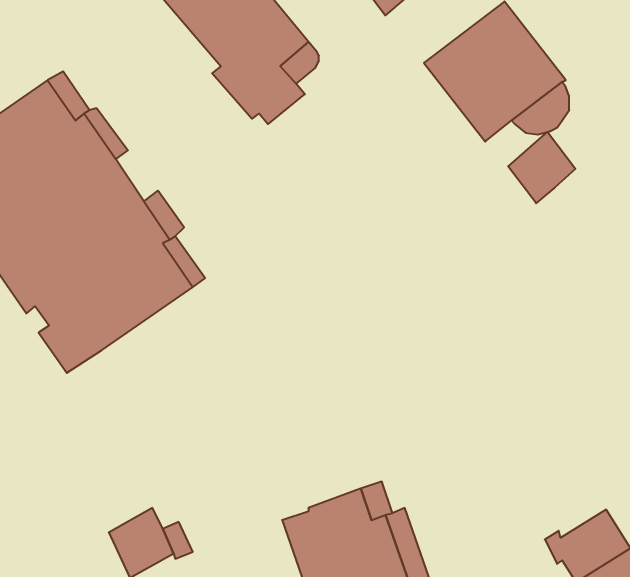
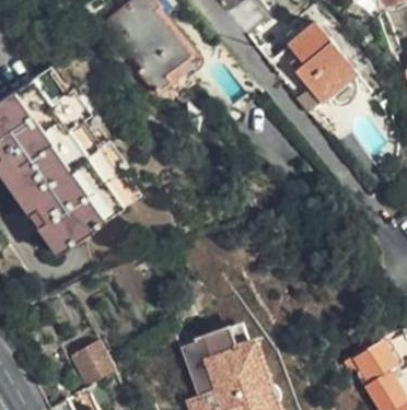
building: [508,132,575,203] -> none

